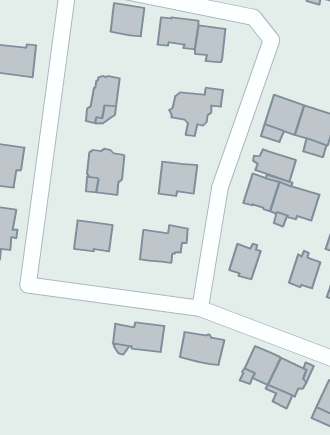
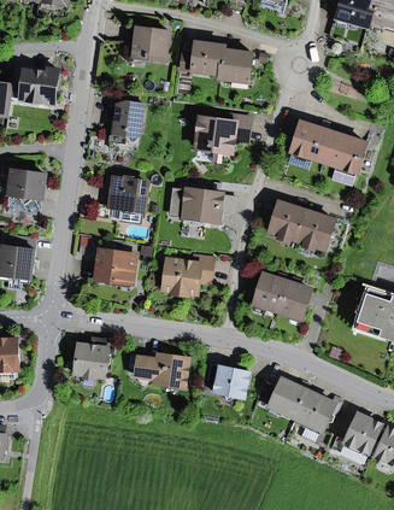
building: [253,149,296,182] -> none
building: [289,251,320,288] -> [277,277,310,316]
building: none -> [73,336,108,377]

